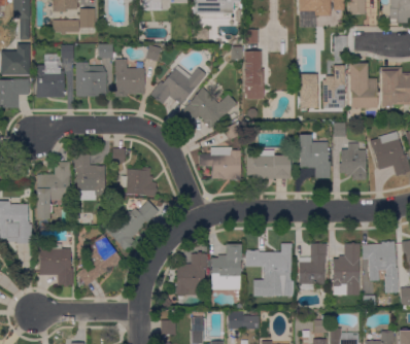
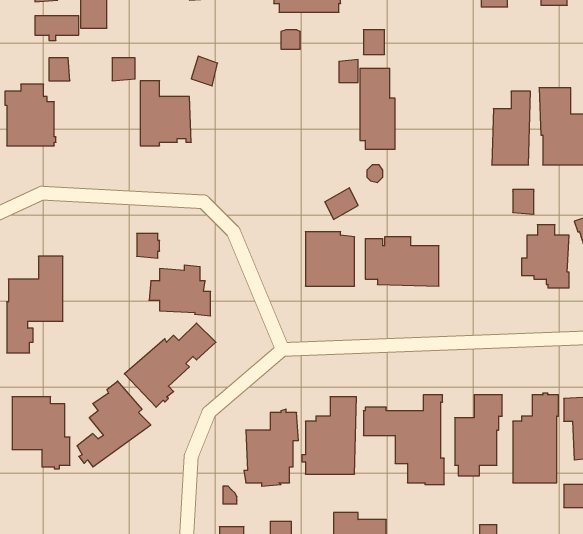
building: [76,62,108,97] -> none
building: [150,67,207,105] -> none
building: [299,73,317,108] -> none
building: [181,87,237,128] -> none
building: [300,135,332,178] -> none
building: [75,153,105,196] -> none

